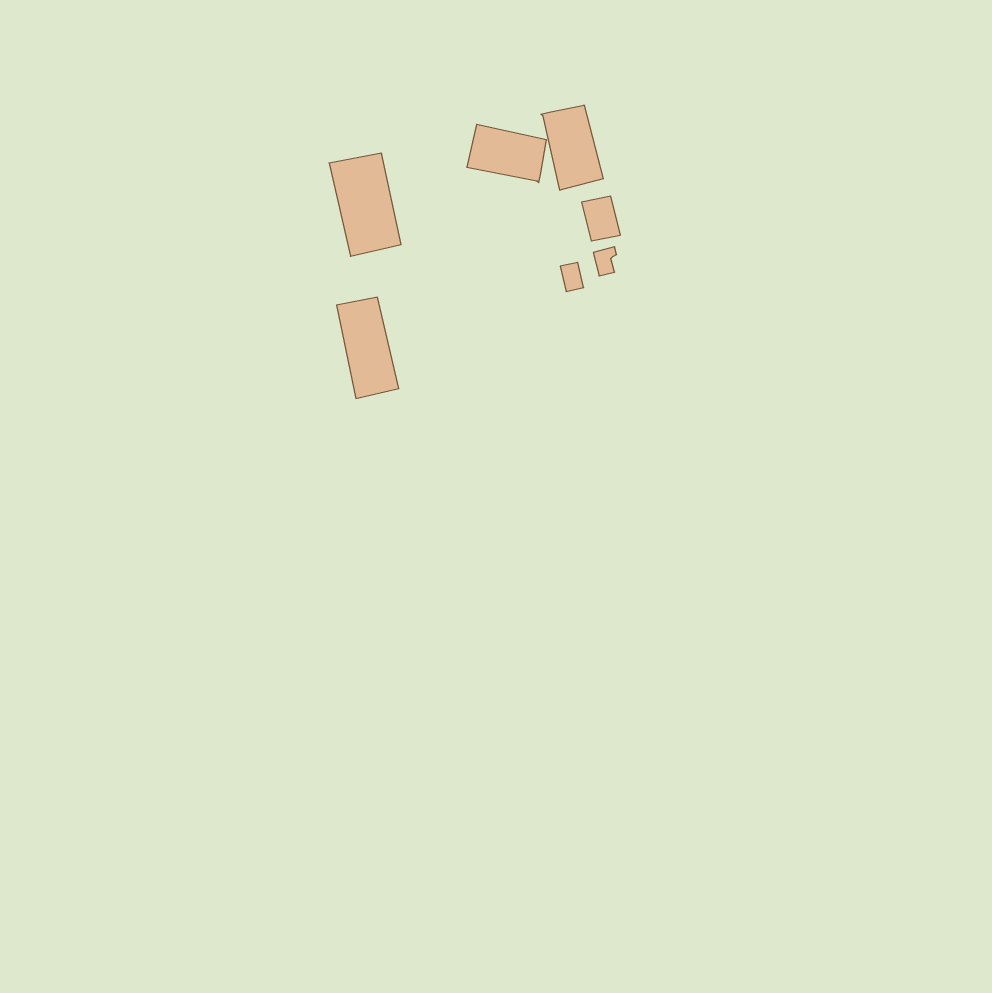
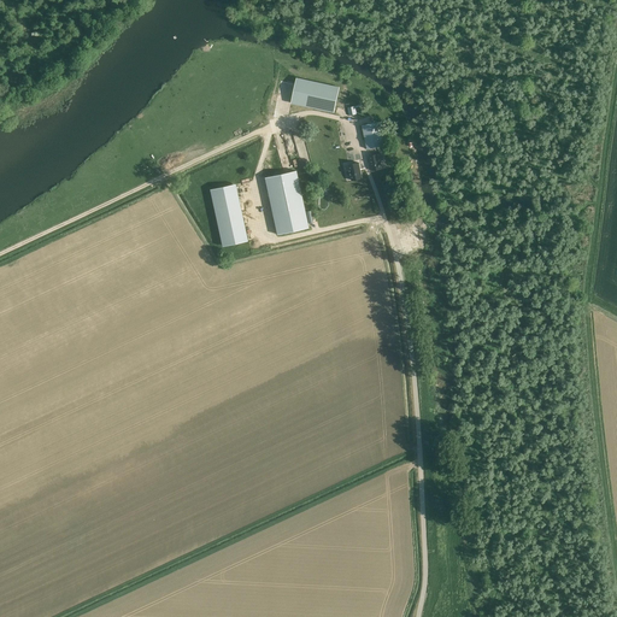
building: [541,105,603,190] -> none
building: [329,153,401,256] -> [263,171,307,235]

